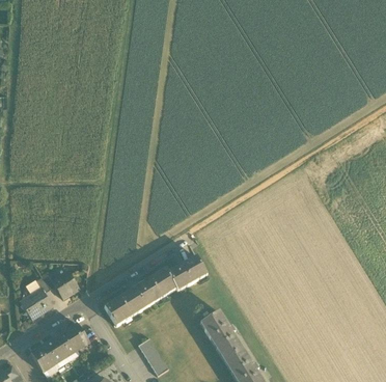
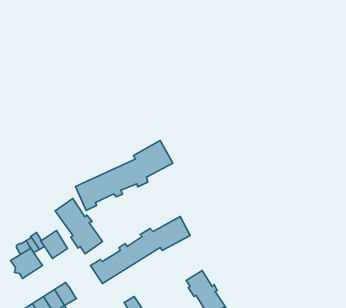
building: none -> [75,140,173,211]
building: none -> [55,199,102,254]

